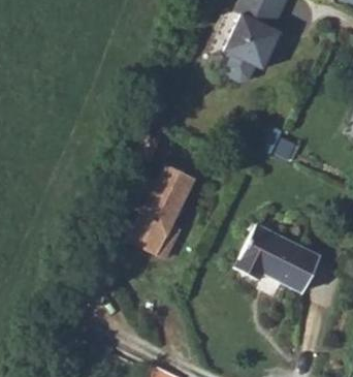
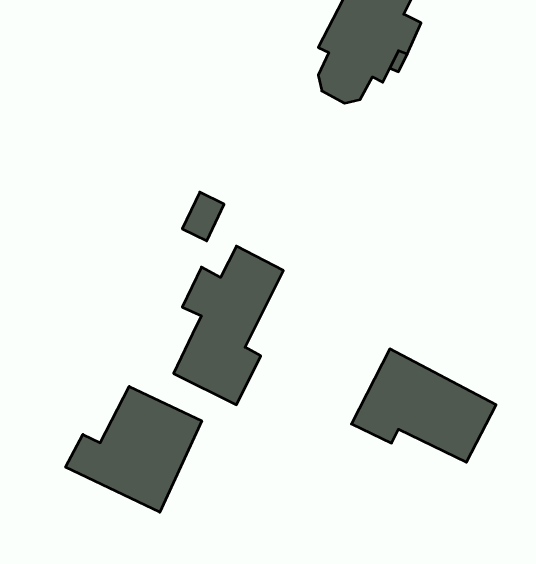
building: none -> [66,386,202,512]

